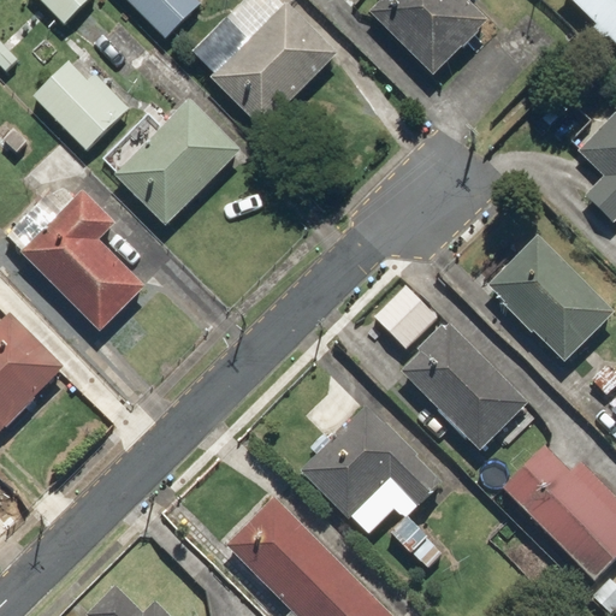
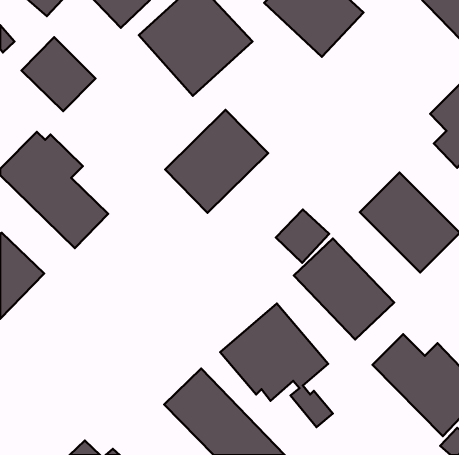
building: [108,91,245,229] -> [165,110,268,213]

